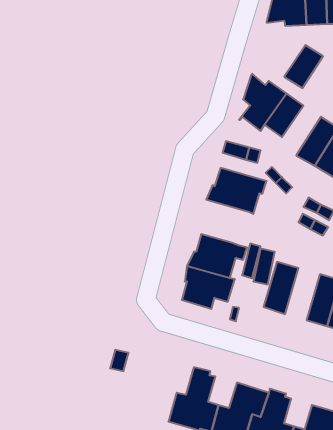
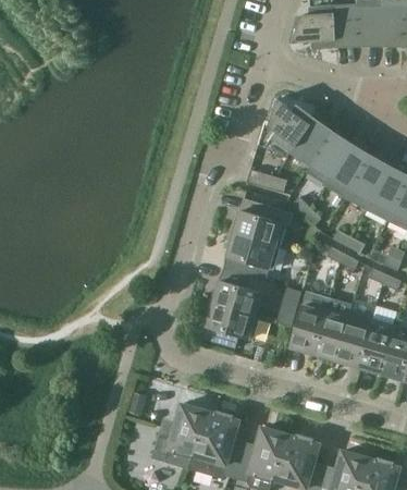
building: [284,45,323,88] -> [310,132,351,177]
building: none -> [224,232,275,281]
building: none -> [313,305,350,360]
building: none -> [151,404,215,469]

